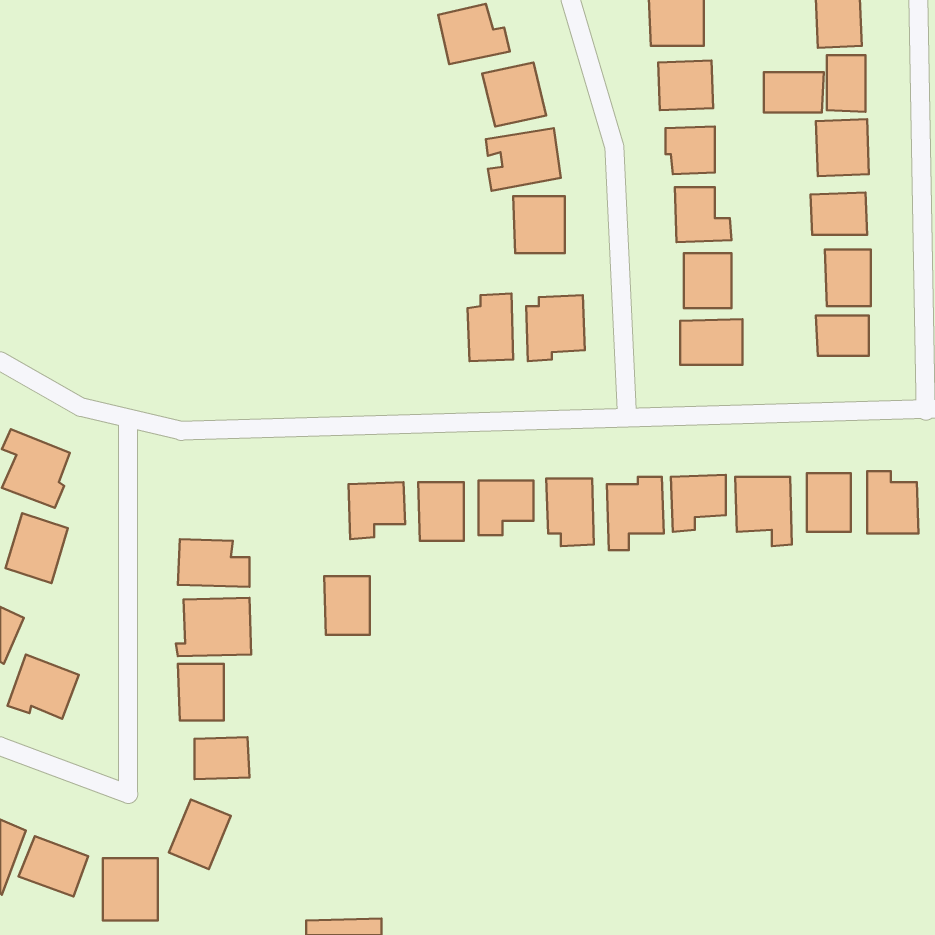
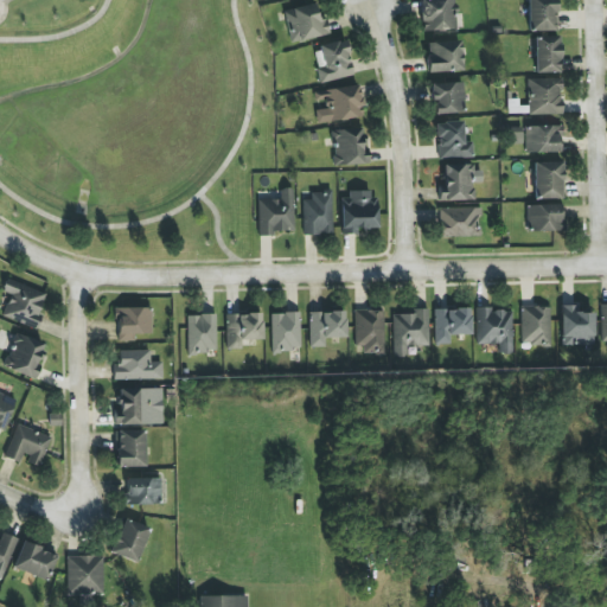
building: [764,72,824,113] -> none
building: none -> [258,187,295,235]
building: none -> [116,306,153,340]
building: [324,576,370,635] -> [187,314,217,352]

